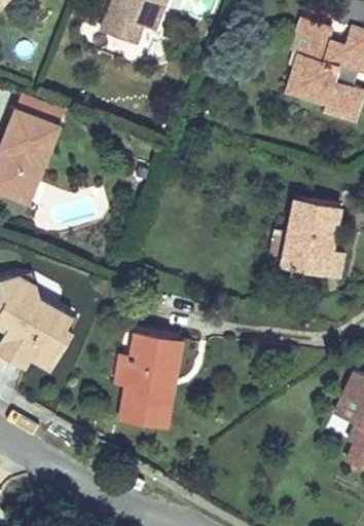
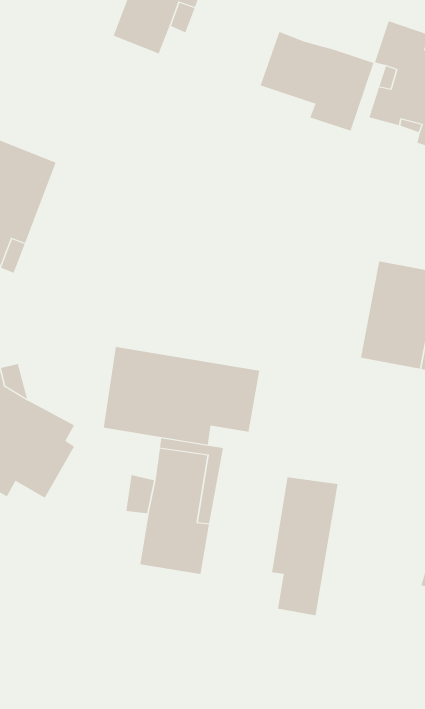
building: none -> [260,31,374,132]
building: none -> [103,346,260,445]
building: none -> [271,476,338,616]

